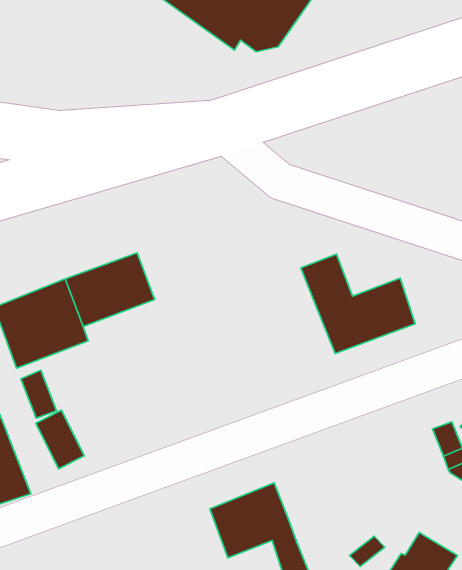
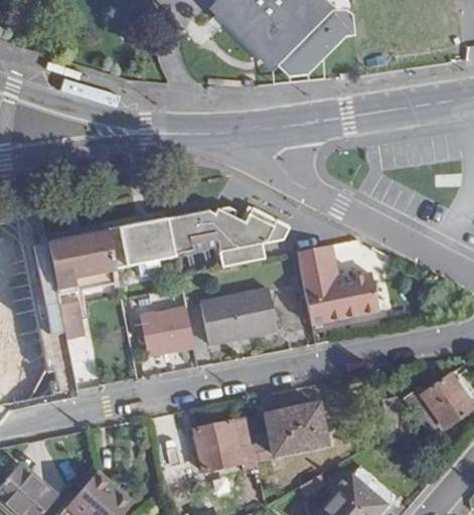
building: none -> [167,205,288,266]
building: none -> [200,289,276,345]
building: none -> [135,308,194,357]
building: none -> [246,404,325,453]

